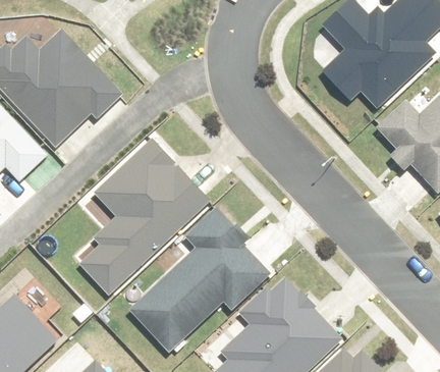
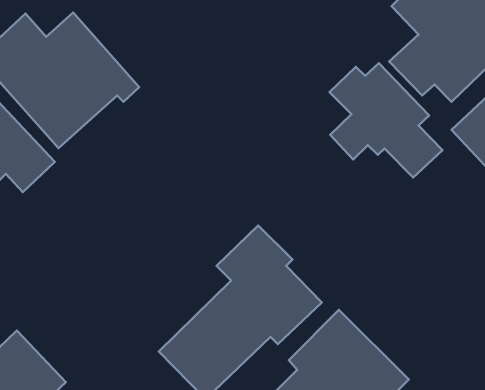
building: none -> [329,63,443,177]
building: [82,142,208,295] -> none

